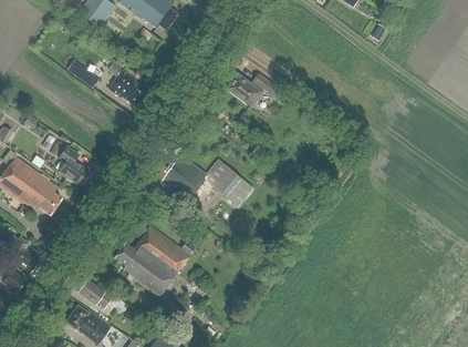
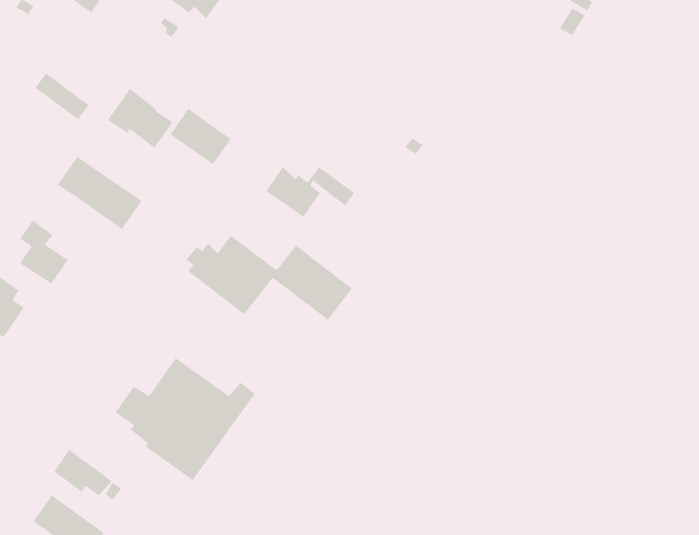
building: [227,73,279,103] -> [265,166,355,218]
building: none -> [170,108,232,165]
building: none -> [57,156,142,230]

